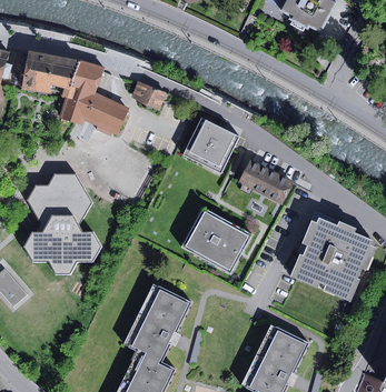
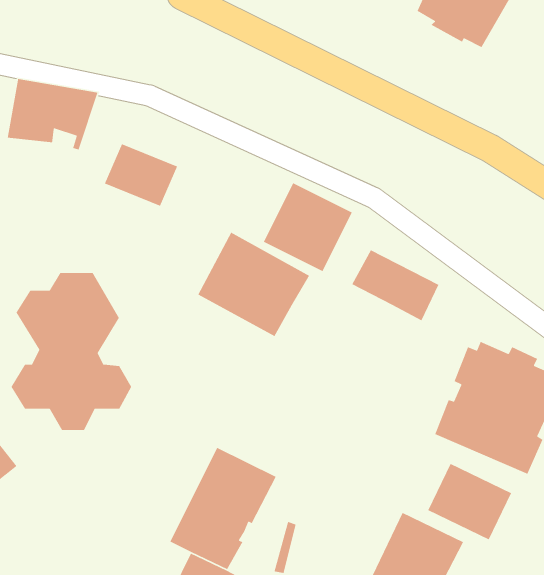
building: [60,60,105,123] -> none
building: [129,80,165,109] -> none
building: [181,207,253,273] -> [197,231,310,337]
building: none -> [427,463,512,541]

